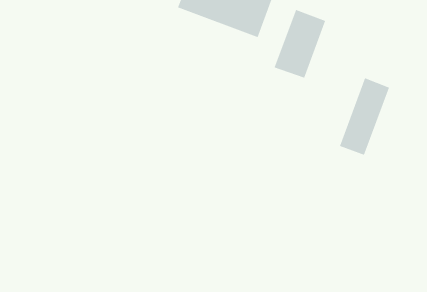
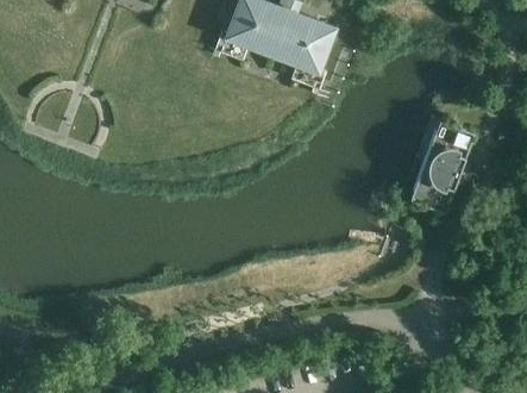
building: [274,9,326,78] -> none

